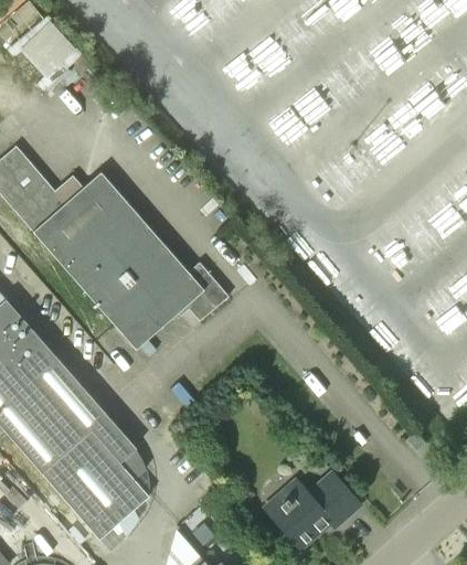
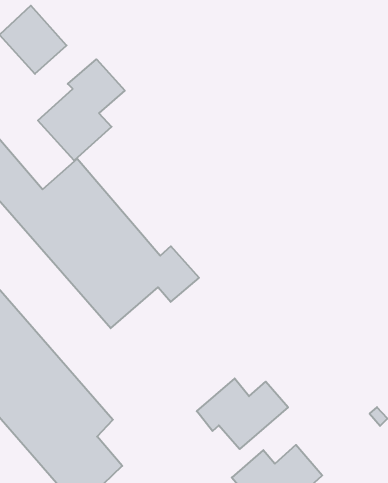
building: none -> [38,59,125,161]
building: none -> [197,378,288,449]

